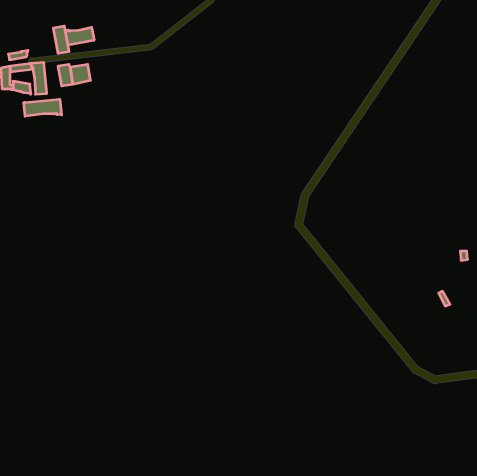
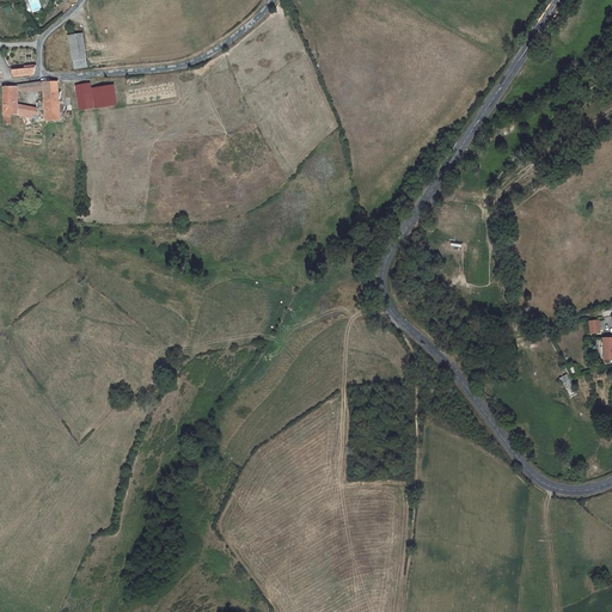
building: [65,27,94,45] -> none
building: [24,99,62,116] -> none

